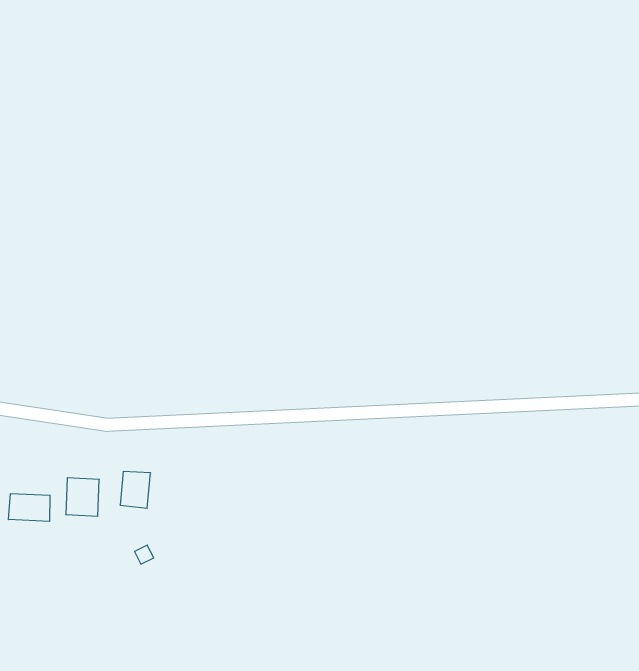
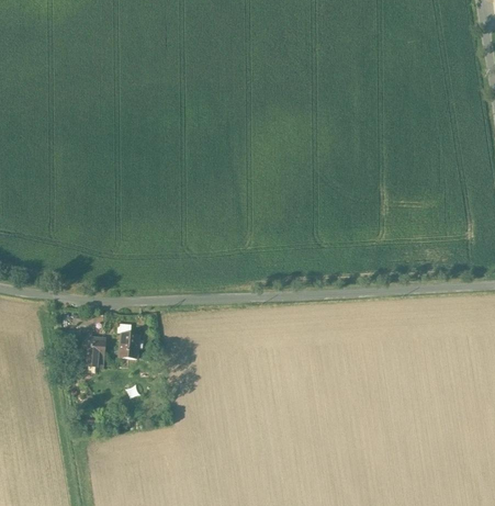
building: [8,494,50,521] -> none

